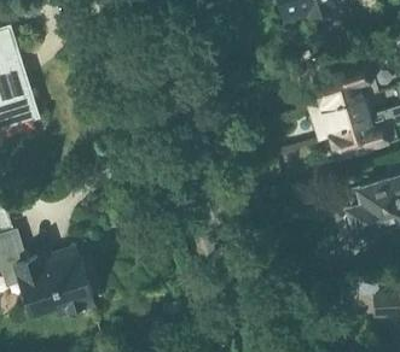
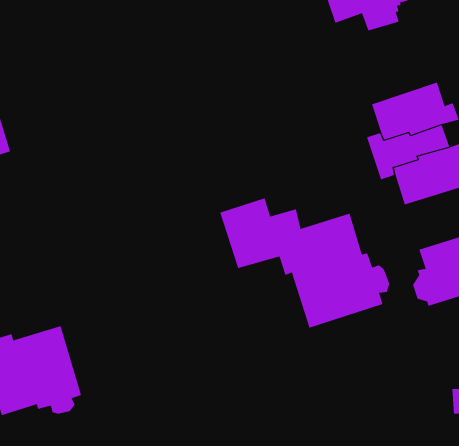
building: none -> [219,197,390,329]

